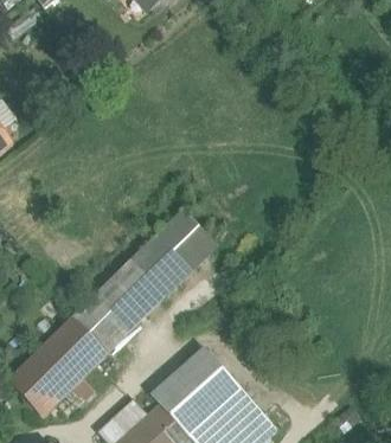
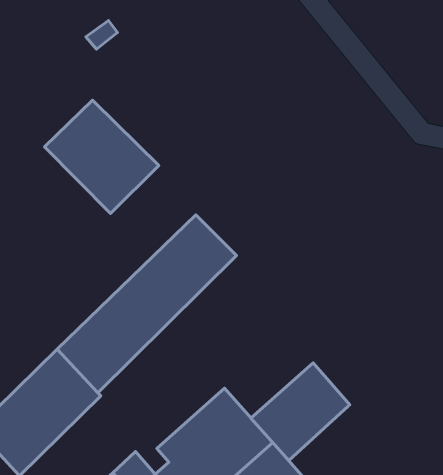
building: none -> [44,100,159,214]
building: none -> [251,363,350,460]

